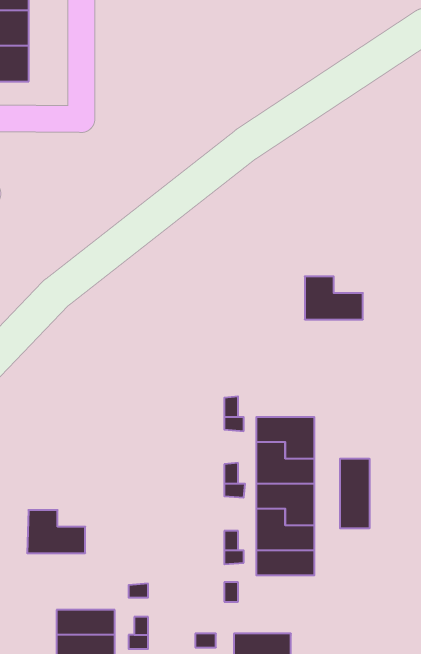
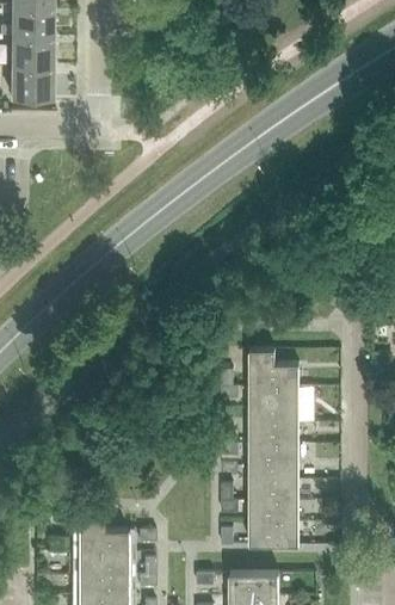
building: [305,276,363,319] -> [248,353,298,390]
building: [340,459,369,528] -> none
building: [27,510,85,553] -> [76,519,126,556]
building: none -> [248,526,298,549]

